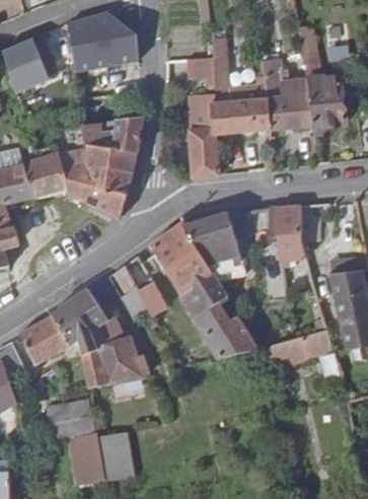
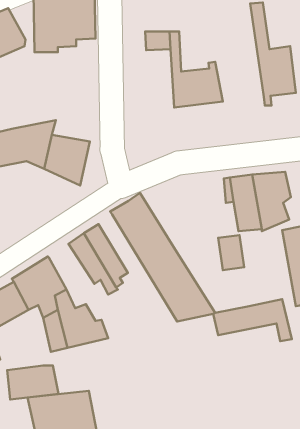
building: [259,77,310,129] -> none
building: [189,90,219,176] -> none
building: [89,115,142,170] -> none
building: [181,211,243,283] -> none

